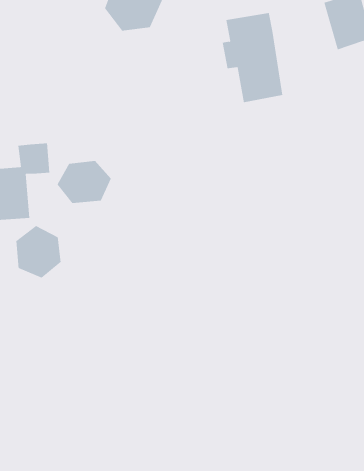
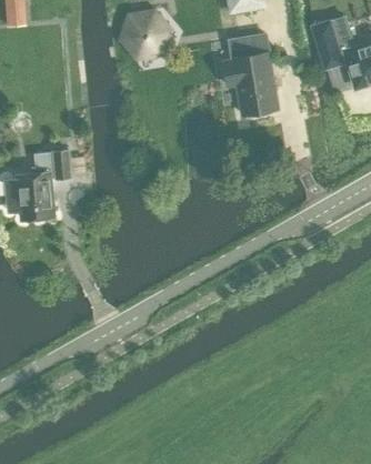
building: [57,160,111,204] -> none
building: [16,225,61,278] -> none

